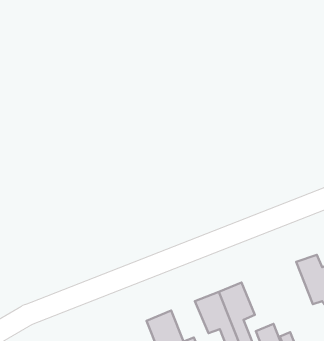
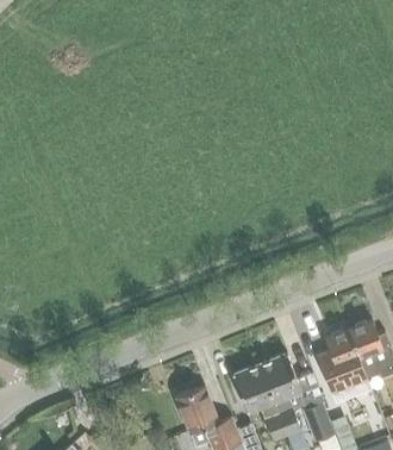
building: none -> [320,330,367,393]

